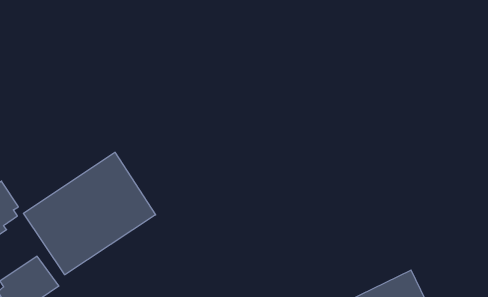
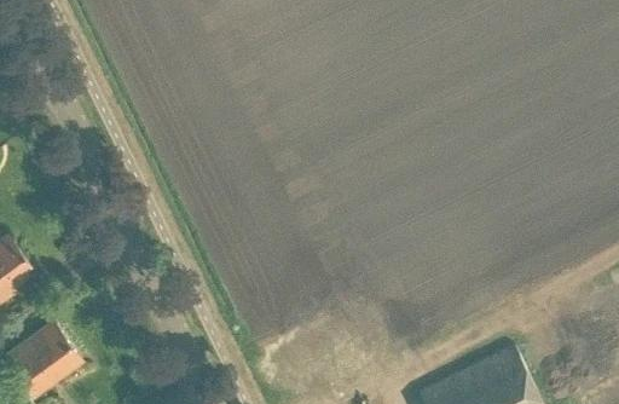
building: [23,152,156,275] -> none

